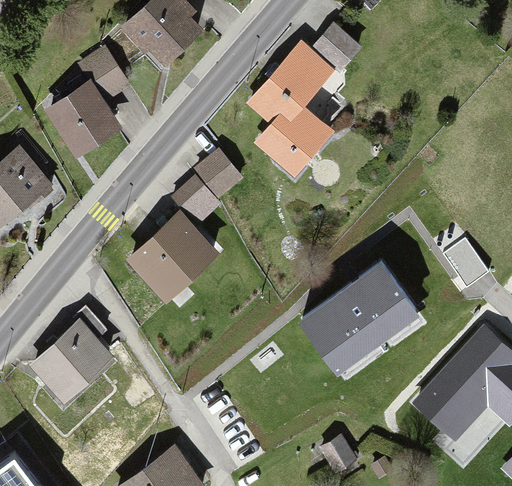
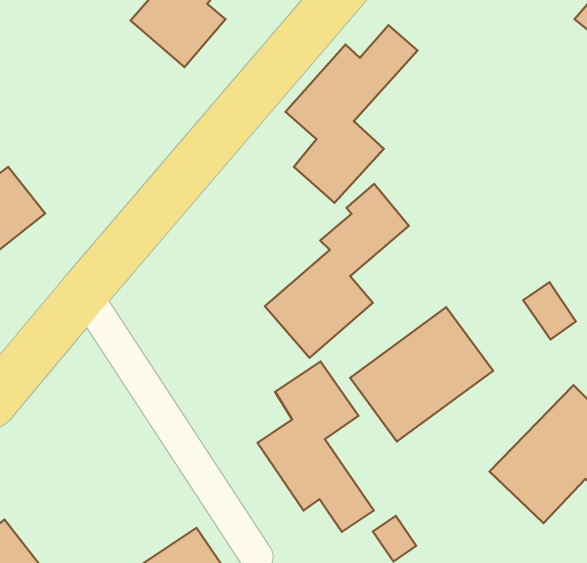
building: [43,53,126,154] -> none
building: [127,154,247,299] -> [265,184,409,358]
building: none -> [258,361,374,532]
building: [25,322,108,402] -> none

